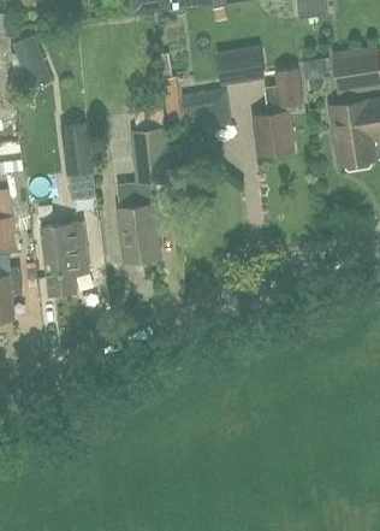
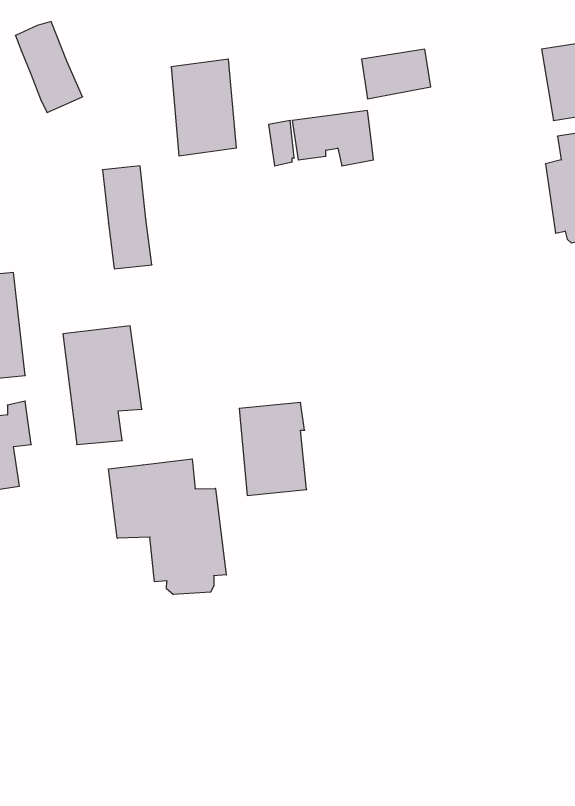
building: [255,66,302,154] -> none
building: [131,125,171,184] -> [171,59,236,156]
building: [119,202,160,259] -> [239,403,307,495]
building: none -> [109,459,226,595]

